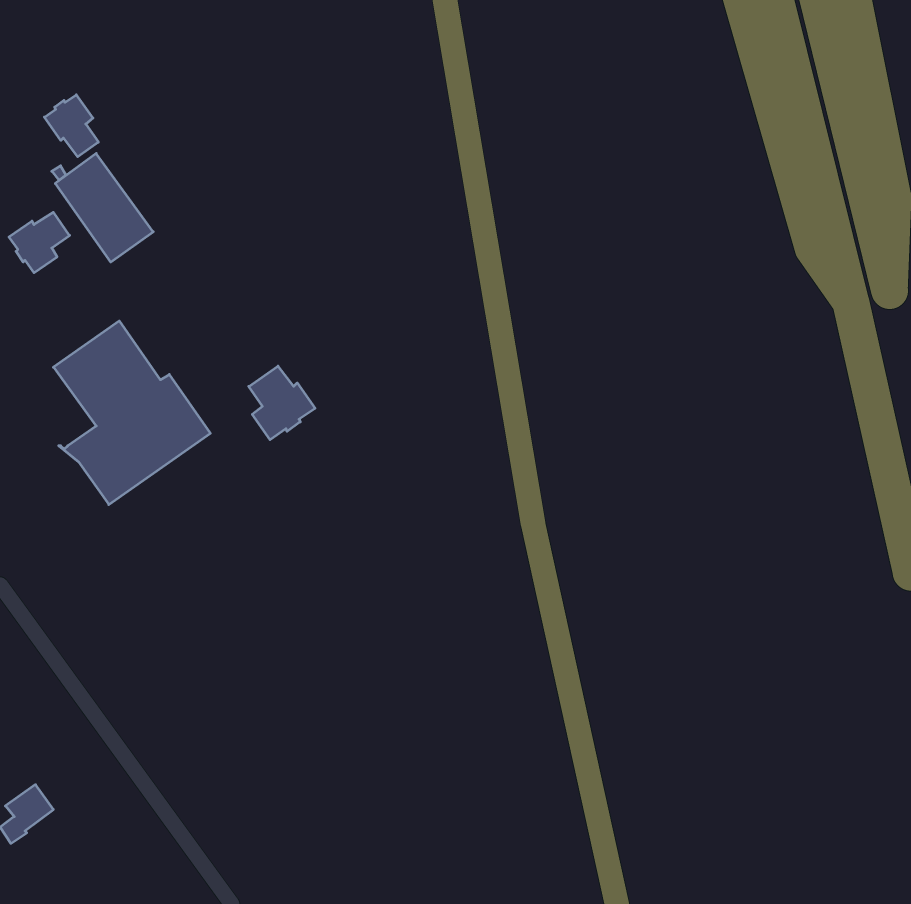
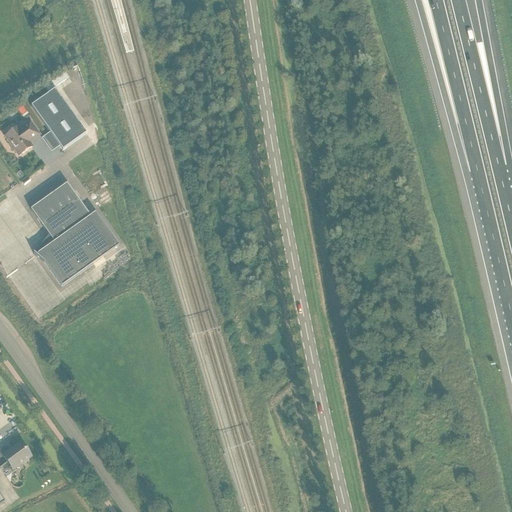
building: [44,95,98,157] -> none
building: [249,366,315,440] -> none

